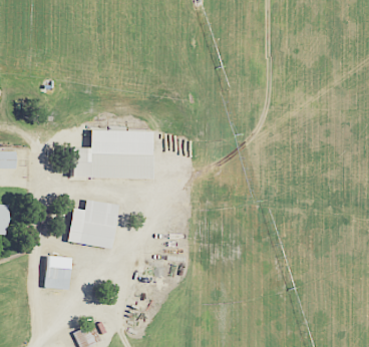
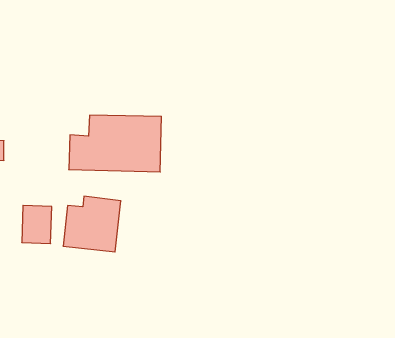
building: [45,256,71,289] -> [22,205,52,244]

